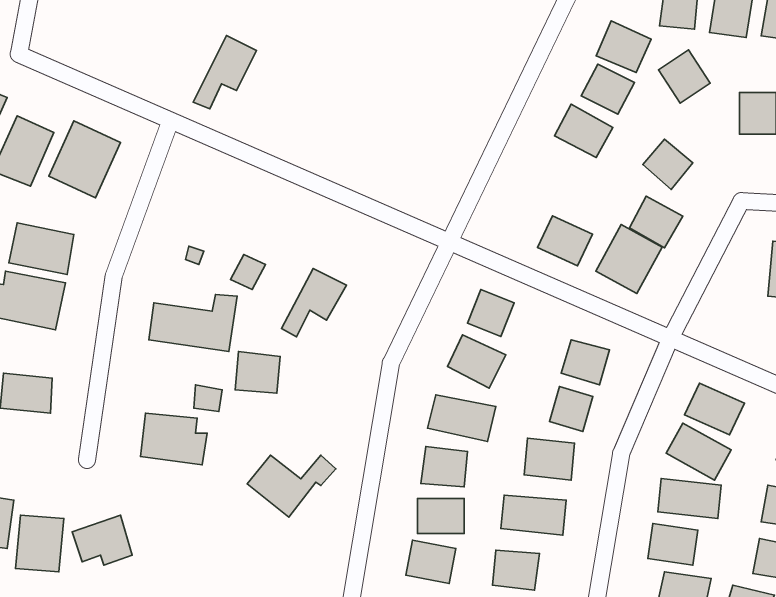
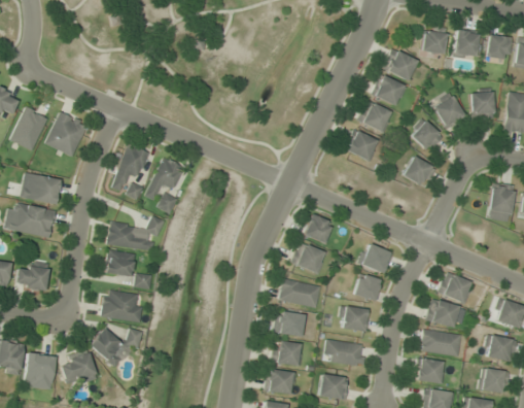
building: [193,35,256,109] -> [111,145,150,191]
building: [658,50,710,103] -> [433,96,465,129]
building: [538,216,593,266] -> [346,131,380,162]
building: [596,225,662,294] -> none
building: [282,268,347,337] -> [145,159,185,201]
building: [235,352,280,393] -> [106,250,134,276]
building: [247,455,336,517] -> [90,329,144,367]

